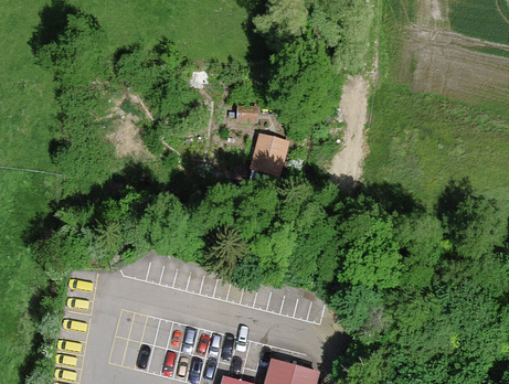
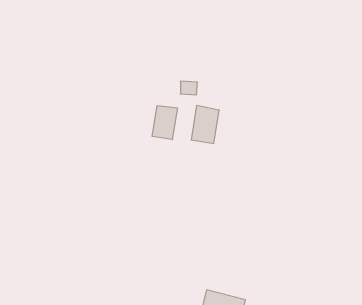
building: none -> [152,106,177,140]

